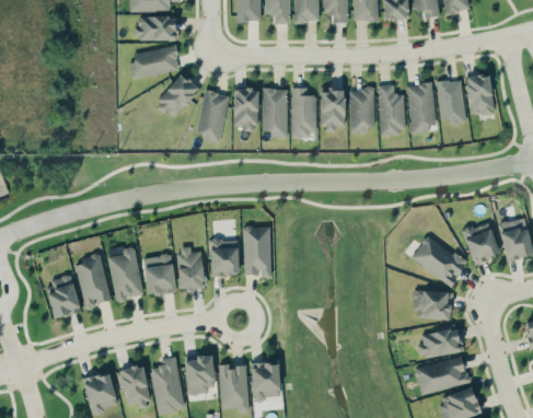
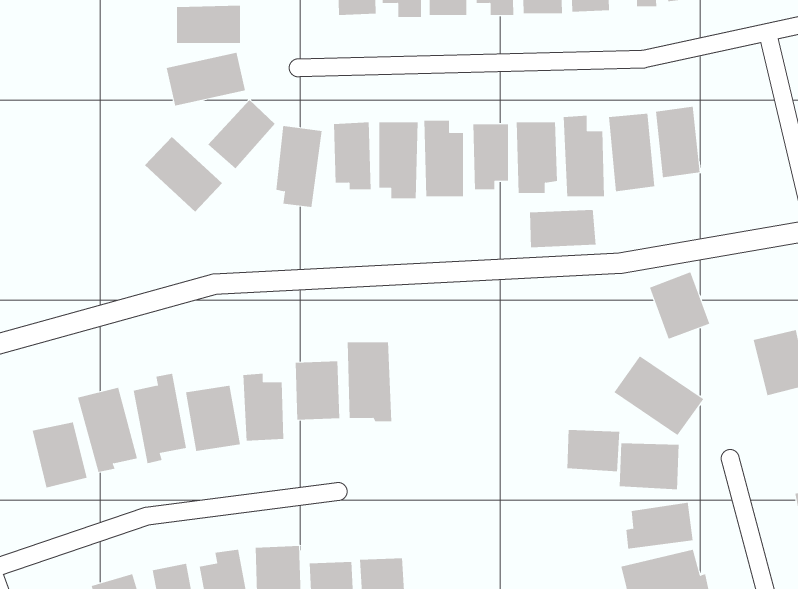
building: [465,74,495,116] -> none
building: none -> [144,136,223,212]
building: none -> [529,209,596,248]
building: [462,221,500,264] -> [649,272,710,340]
building: none -> [567,429,620,472]

